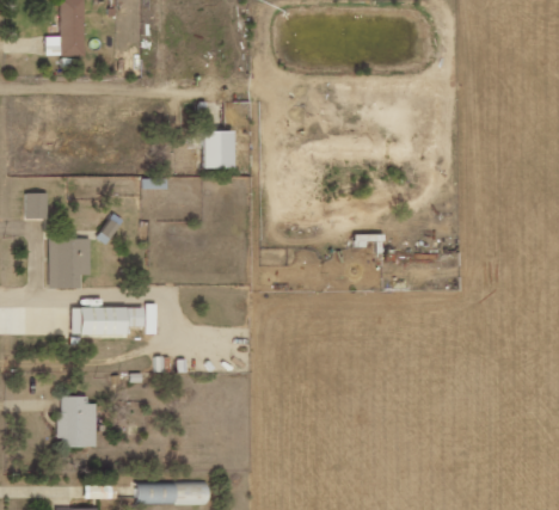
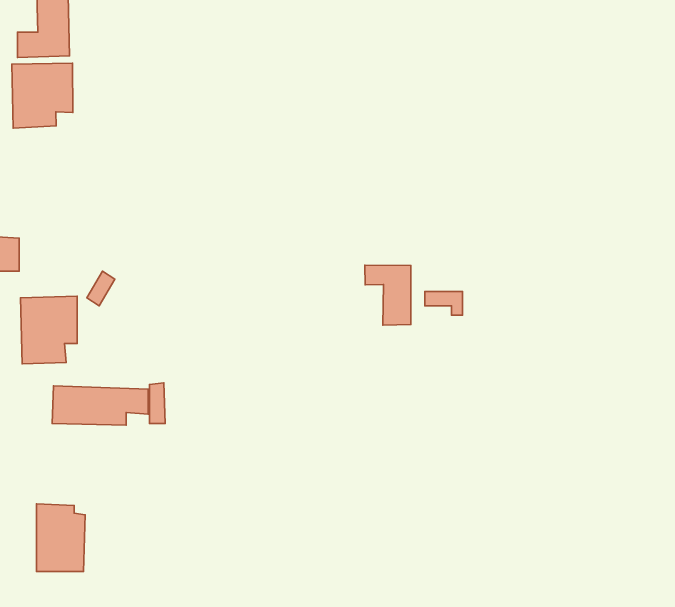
building: none -> [12,63,73,128]
building: [204,130,235,167] -> none
building: none -> [365,265,411,325]

